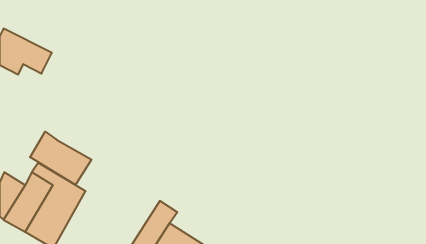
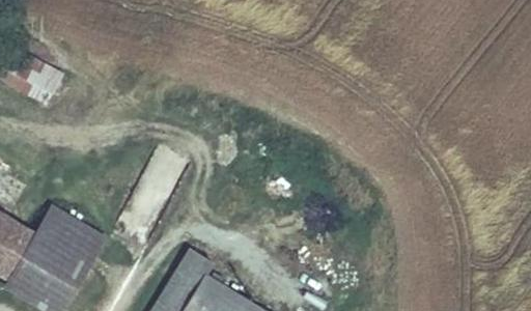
building: [30,132,91,185] -> none

